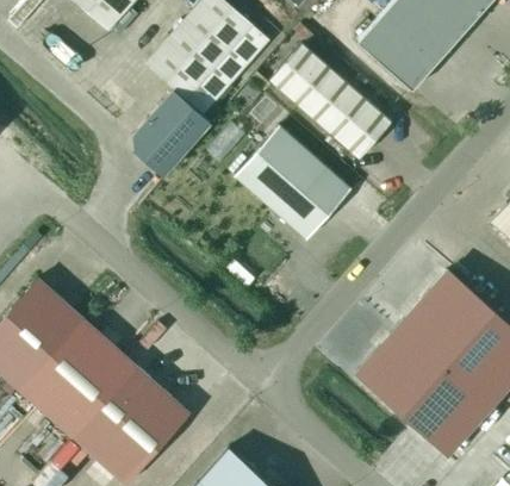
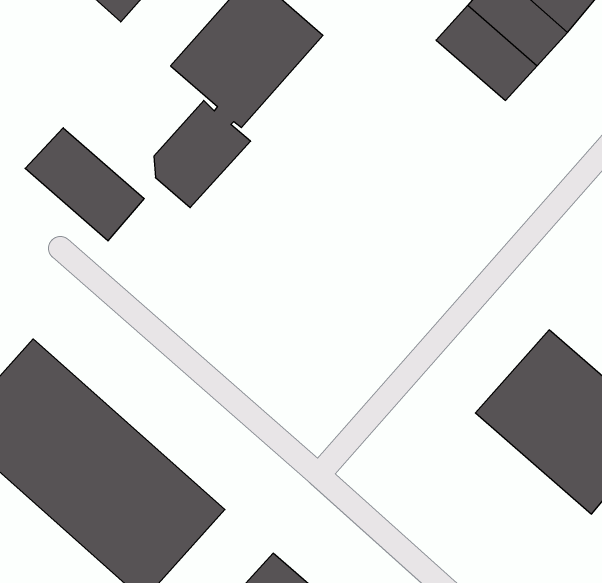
building: [270,44,391,158] -> none
building: none -> [25,128,144,241]
building: [235,125,352,239] -> none
building: [357,337,480,453] -> none

